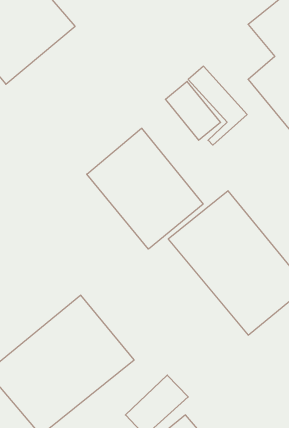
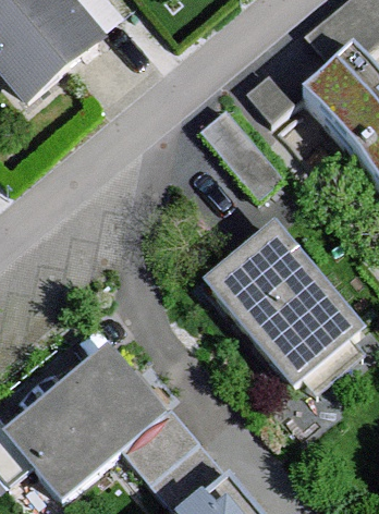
building: [87,128,203,249] -> none

